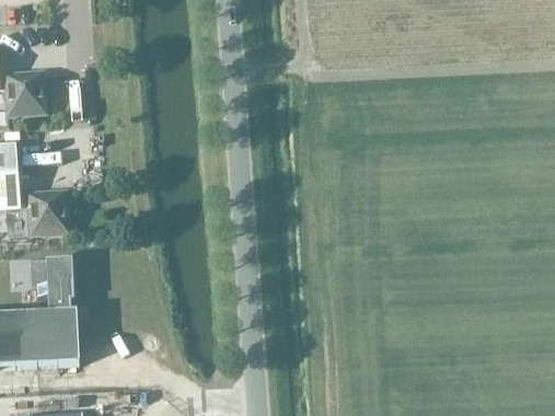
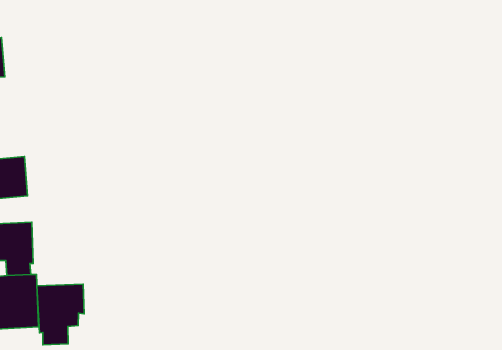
building: none -> [37,284,84,345]

